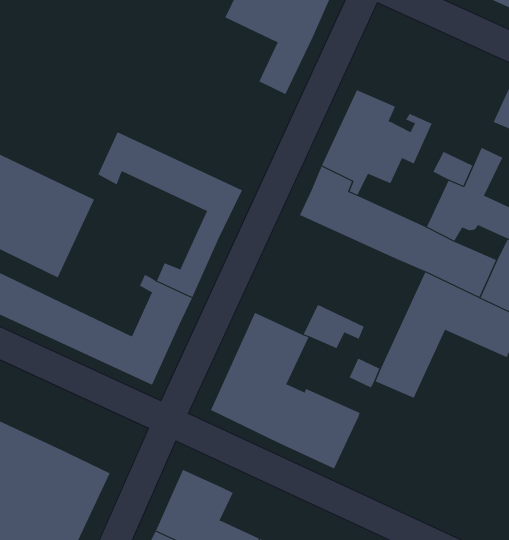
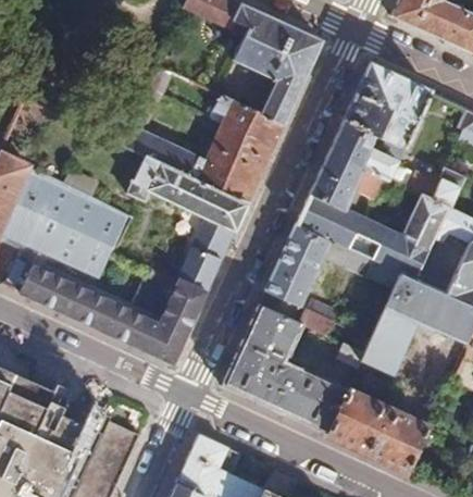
building: none -> [344,62,432,147]
building: none -> [121,85,285,202]
building: none -> [265,223,375,306]
building: none -> [325,390,428,472]

